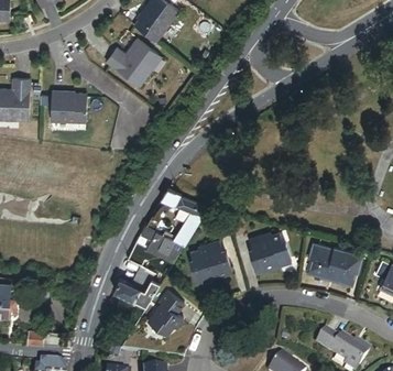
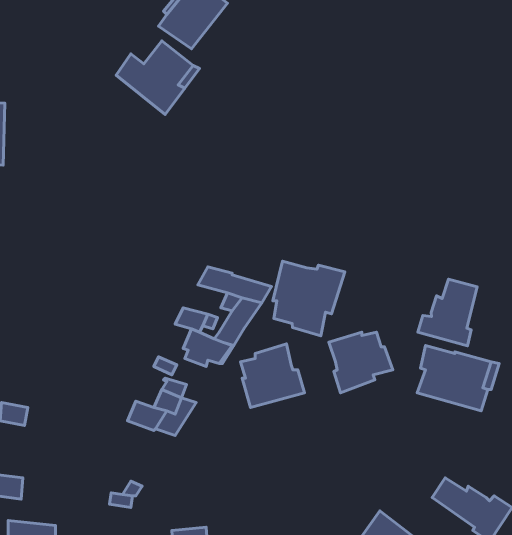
building: [54,90,90,122] -> none
building: none -> [273,261,345,336]
building: none -> [418,279,477,346]
building: [148,288,184,331] -> none

